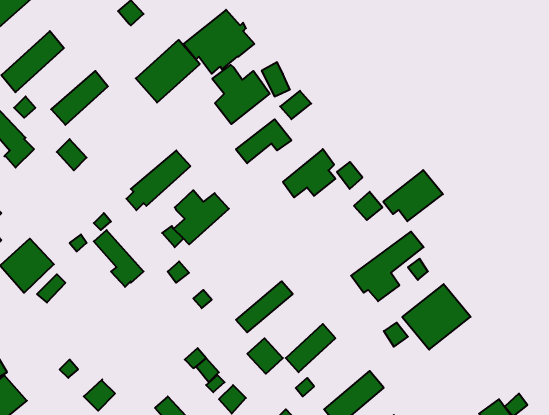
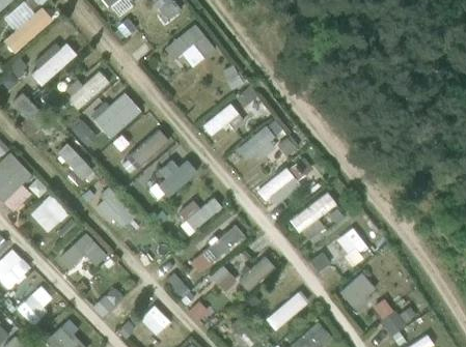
building: [136,40,200,103] -> [94,92,141,138]
building: [212,65,270,124] -> none
building: none -> [57,142,93,184]
building: [383,170,443,221] -> [257,170,301,207]
building: none -> [179,197,222,236]
building: none -> [59,231,108,268]
building: none -> [337,272,373,310]

